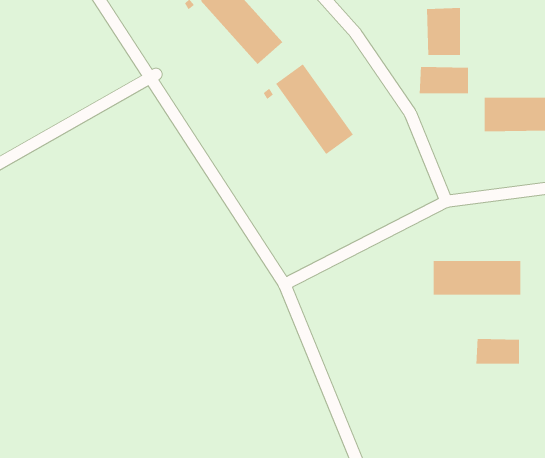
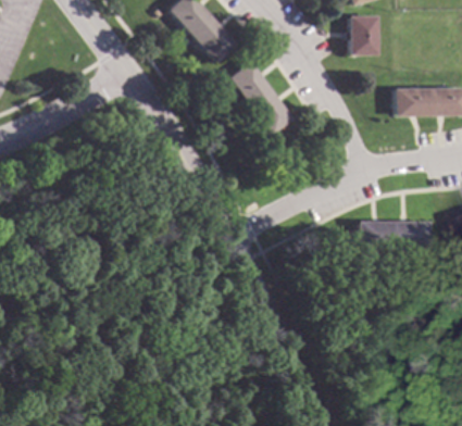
building: [419,66,469,94] -> none
building: [476,338,520,365] -> none

